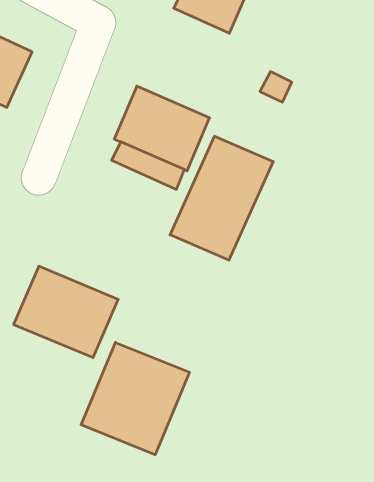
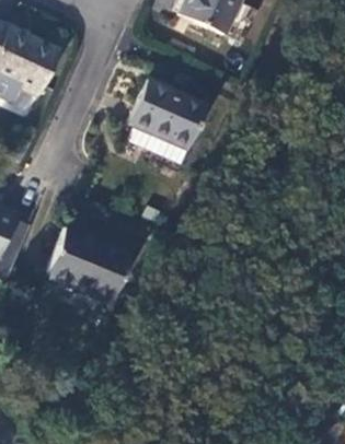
building: [170,136,273,260] -> none
building: [81,342,189,455] -> none

